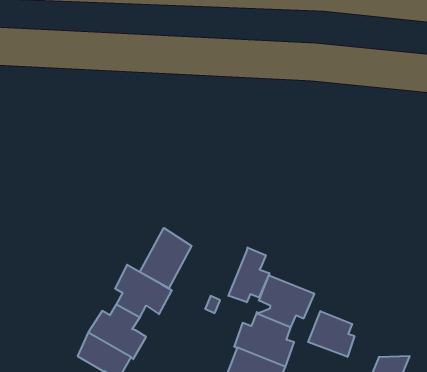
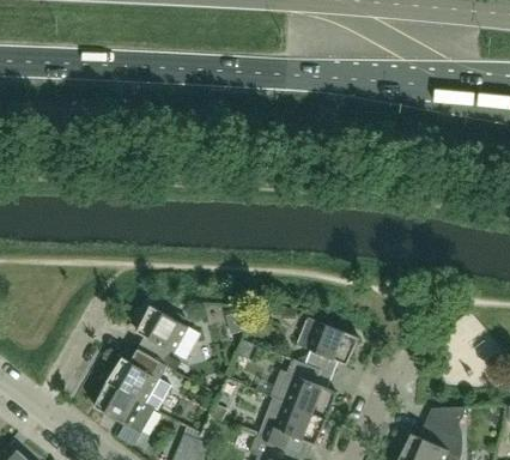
building: [140,228,192,288] -> none
building: [228,247,269,302] -> none
building: [308,311,354,357] -> none

